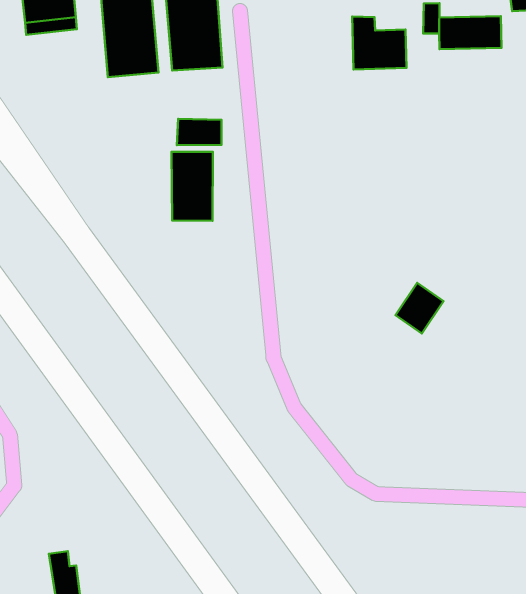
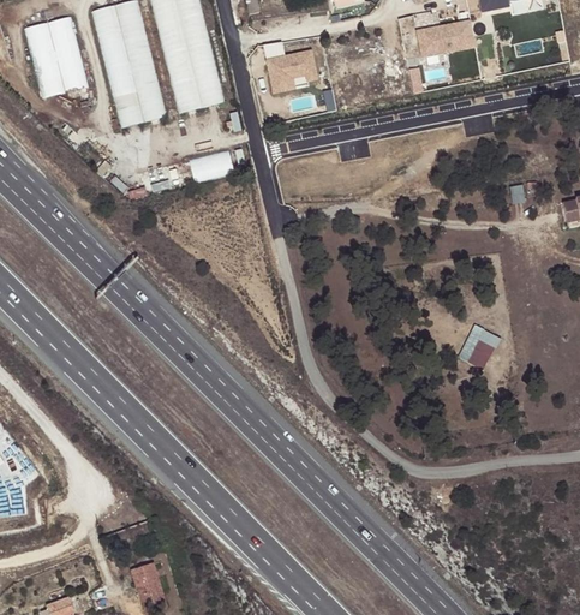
building: [352,17,406,69] -> [262,41,318,91]
building: [171,152,213,221] -> none
building: [395,283,444,333] -> [458,322,500,368]

